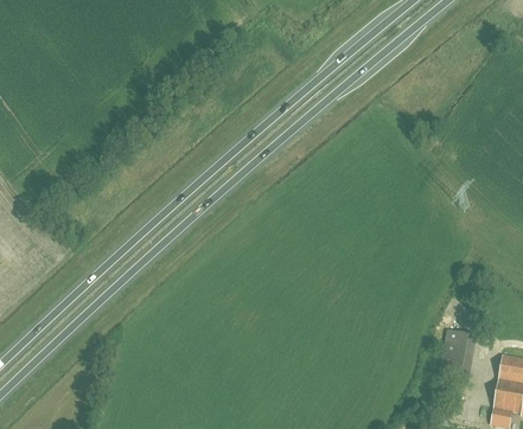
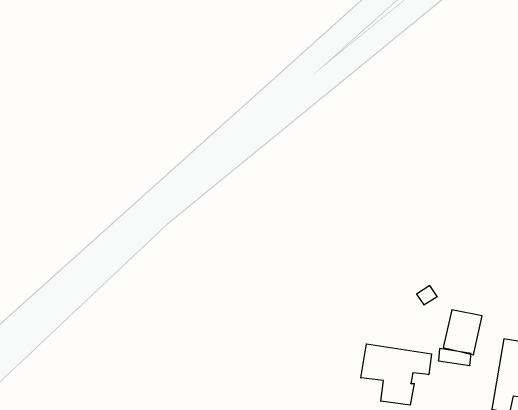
building: none -> [361,344,431,405]

